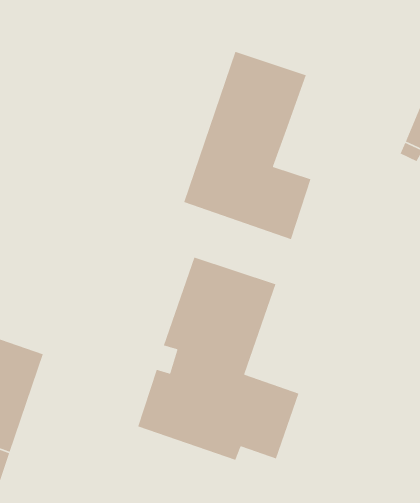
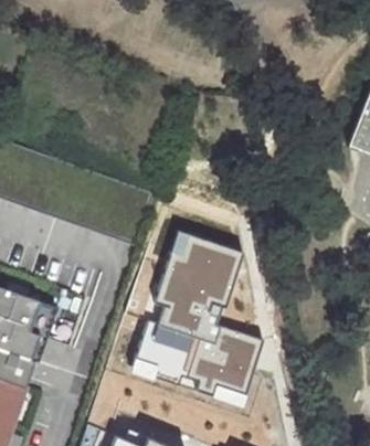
building: [183,51,311,240] -> none

